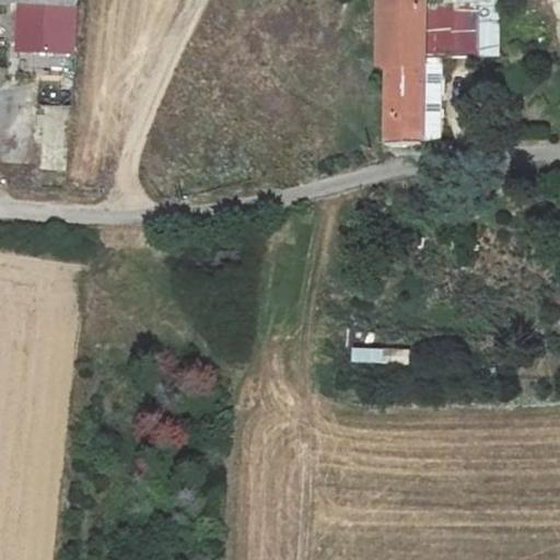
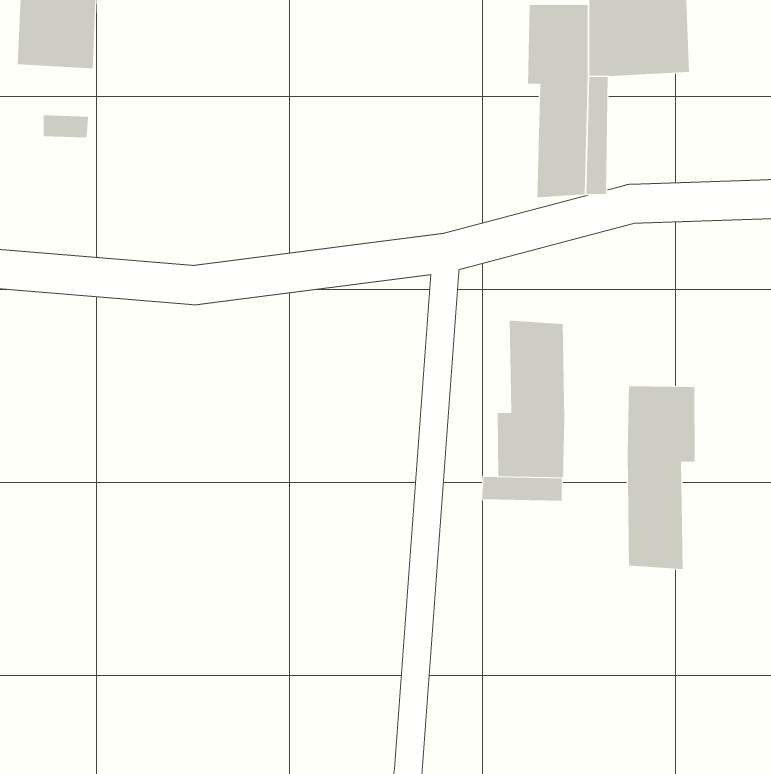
building: none -> [497,320,565,478]
building: none -> [627,385,695,570]

